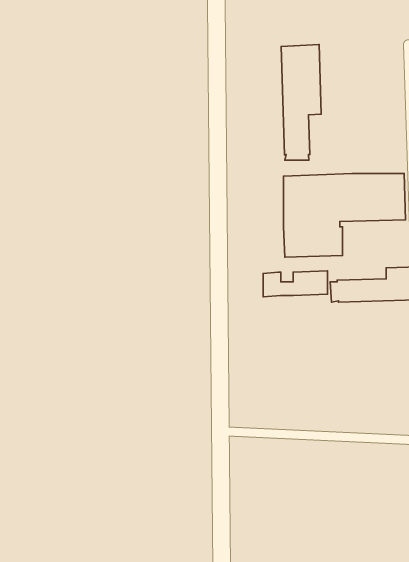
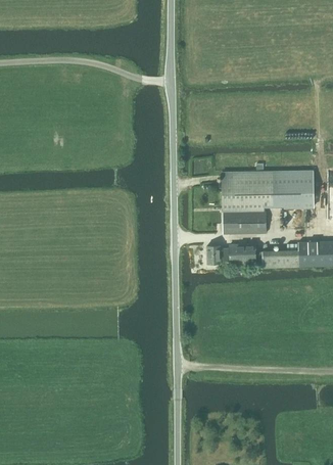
building: [281,45,321,160] -> none

